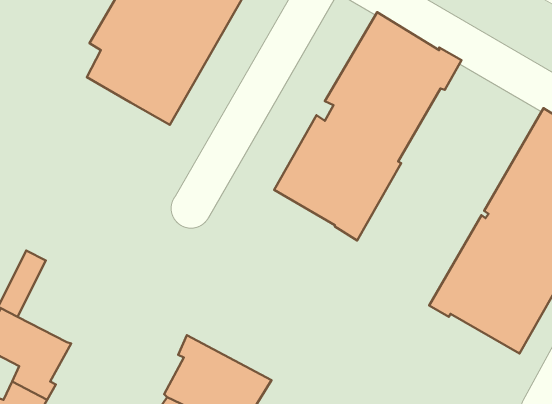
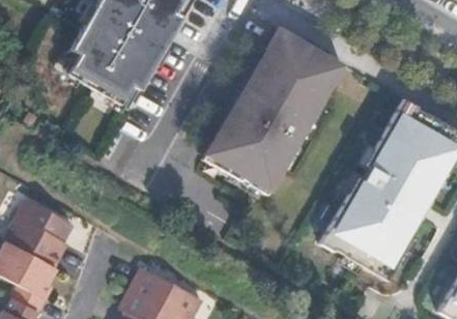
building: none -> [18,208,72,268]

